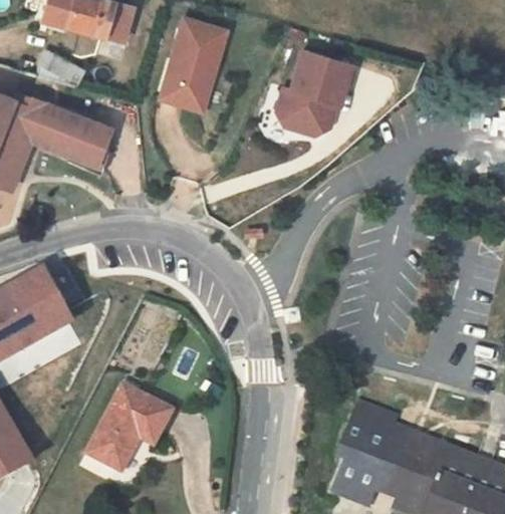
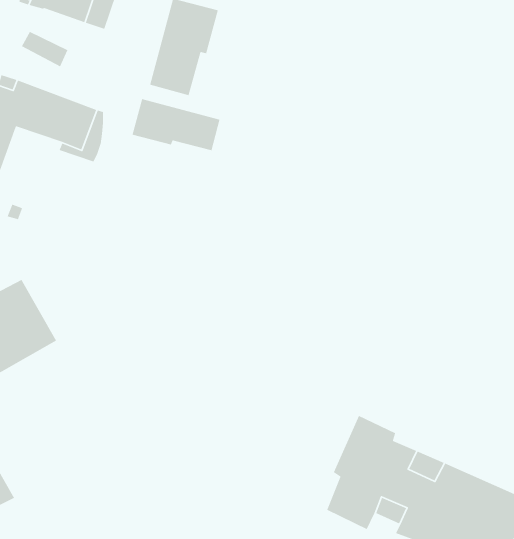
building: [277,44,352,132] -> none
building: none -> [132,98,220,151]
building: [89,391,174,479] -> none

